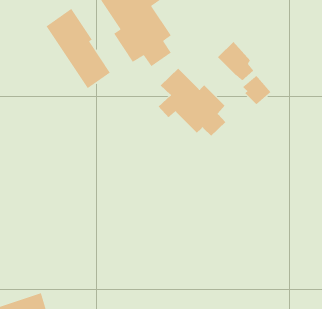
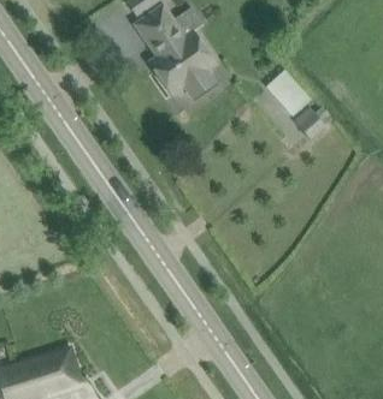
building: [46,8,111,89] -> none
building: [158,68,226,137] -> none

